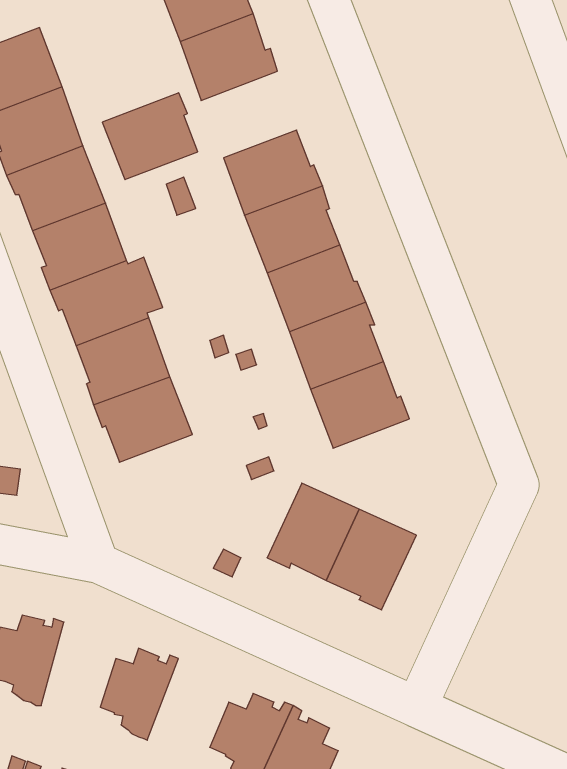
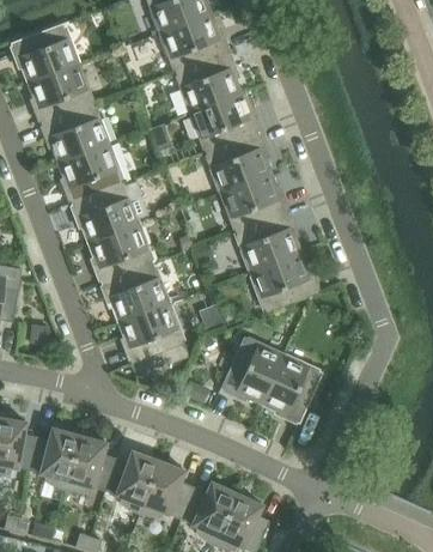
building: [102,93,198,180] -> [175,53,240,113]
building: none -> [118,303,188,364]
building: none -> [65,432,116,492]
building: none -> [138,457,194,518]

